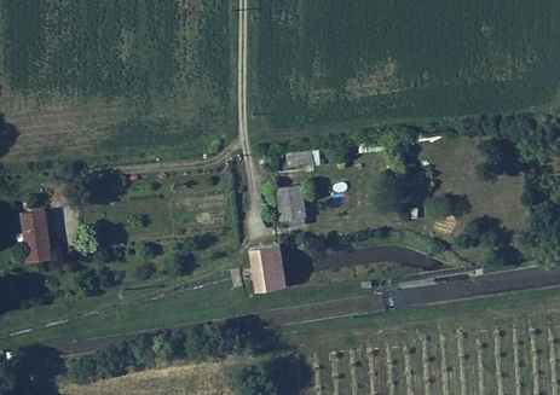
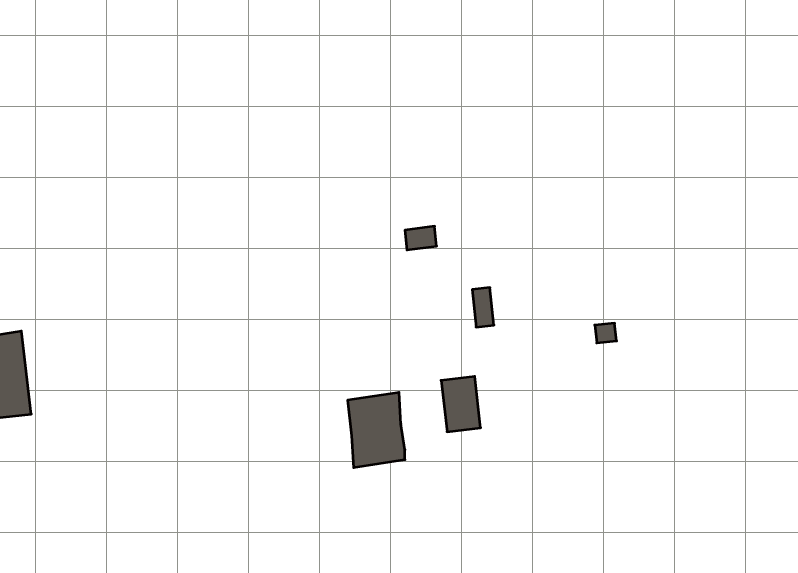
building: [277,181,301,215] -> [441,376,481,432]

